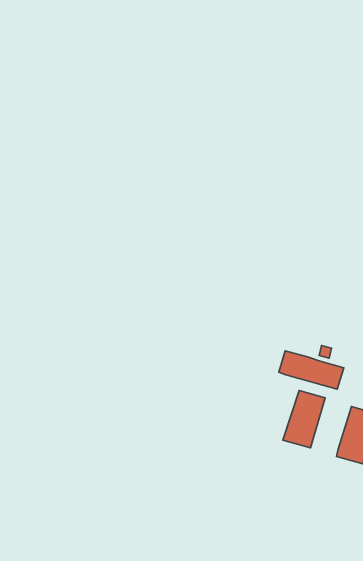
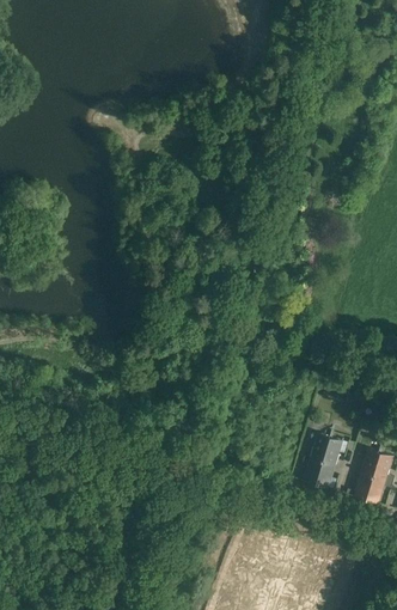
building: [279,351,344,389] -> none

